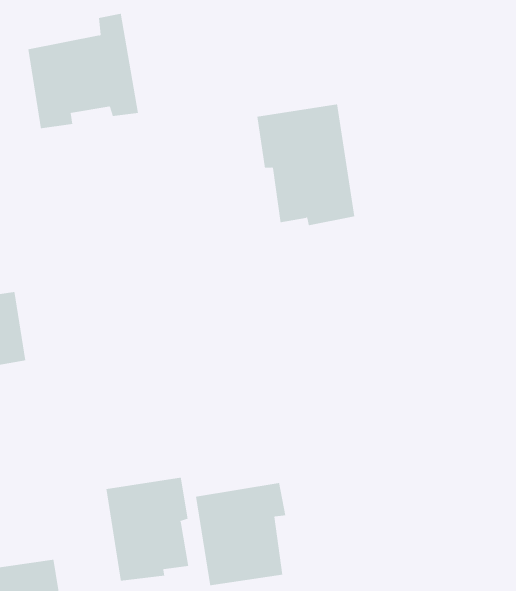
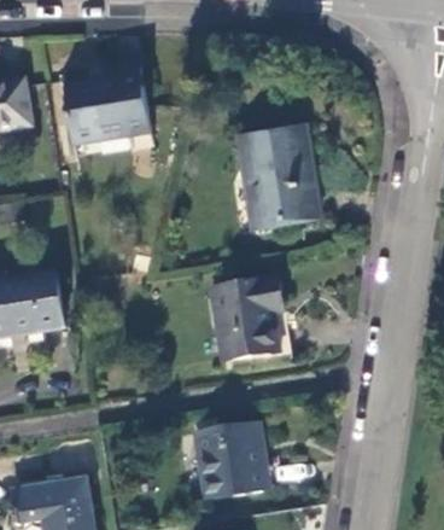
building: none -> [212,276,285,361]
building: [106,477,189,581] -> none

